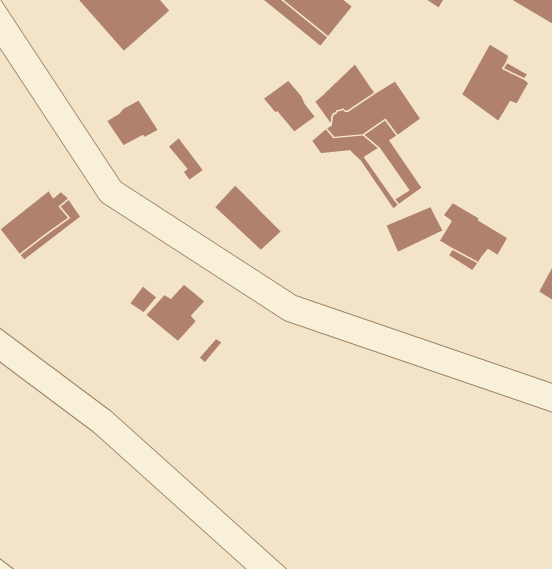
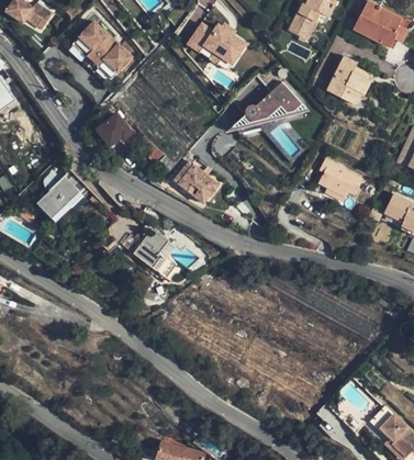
building: [263,80,316,132] -> none
building: [385,206,443,253] -> none

